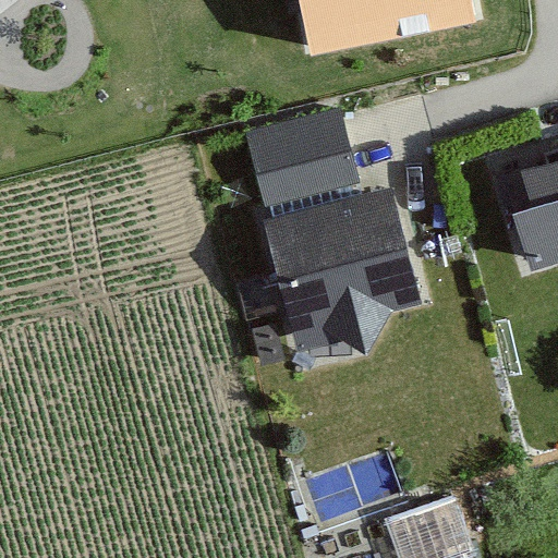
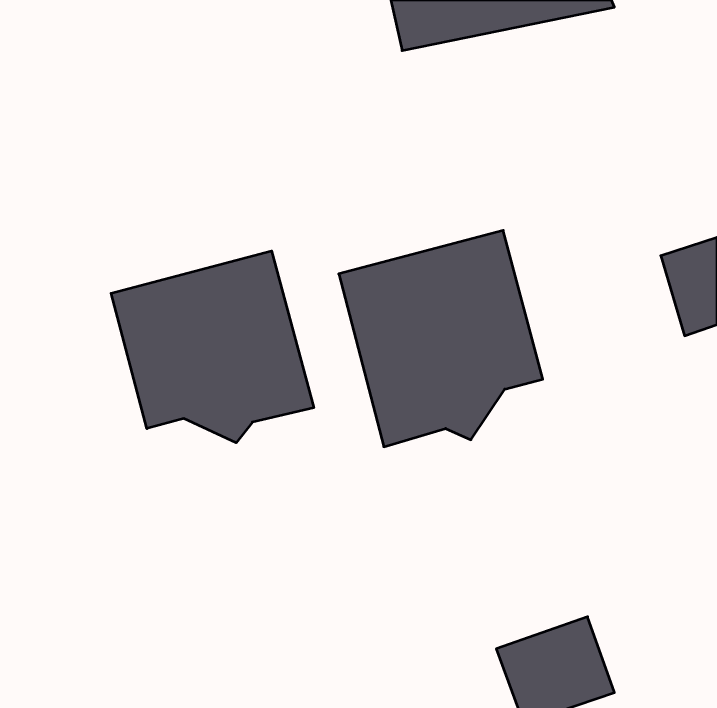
building: [244,109,360,208] -> none
building: none -> [111,251,314,443]

